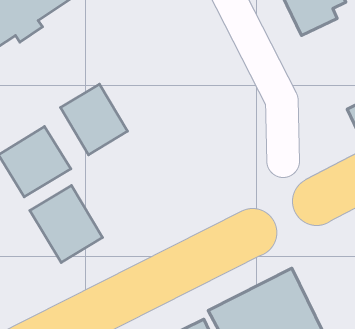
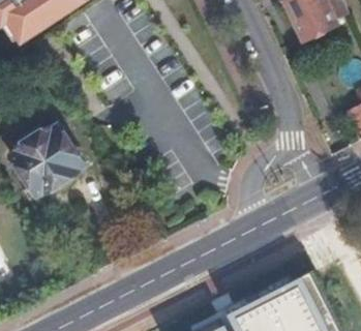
building: [60,84,128,155] -> none
building: [30,185,103,263] -> none

